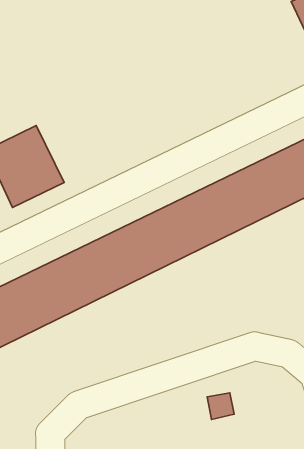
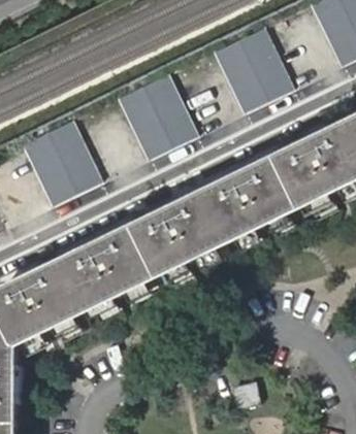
building: none -> [213,28,289,107]
building: none -> [117,74,193,154]

